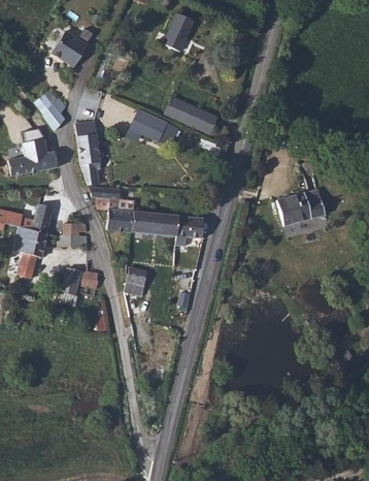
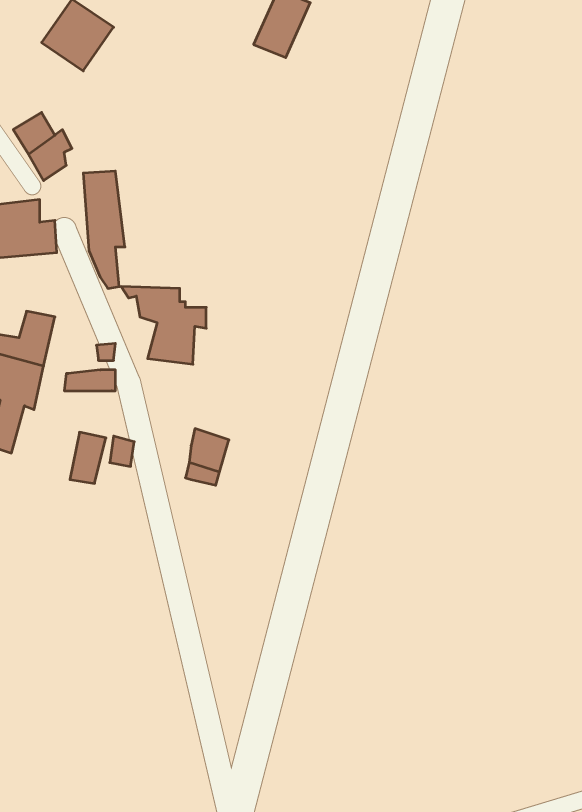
building: [168,95,223,137] -> none
building: [125,111,162,145] -> none
building: [284,195,331,229] -> none
building: [130,209,207,245] -> none

